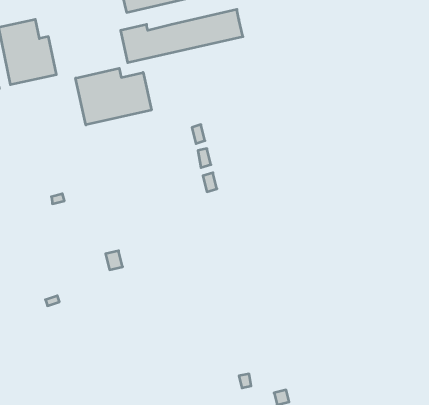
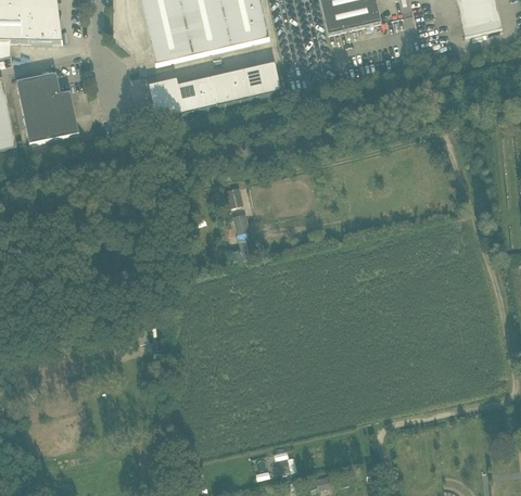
building: [76,68,151,125] -> none

